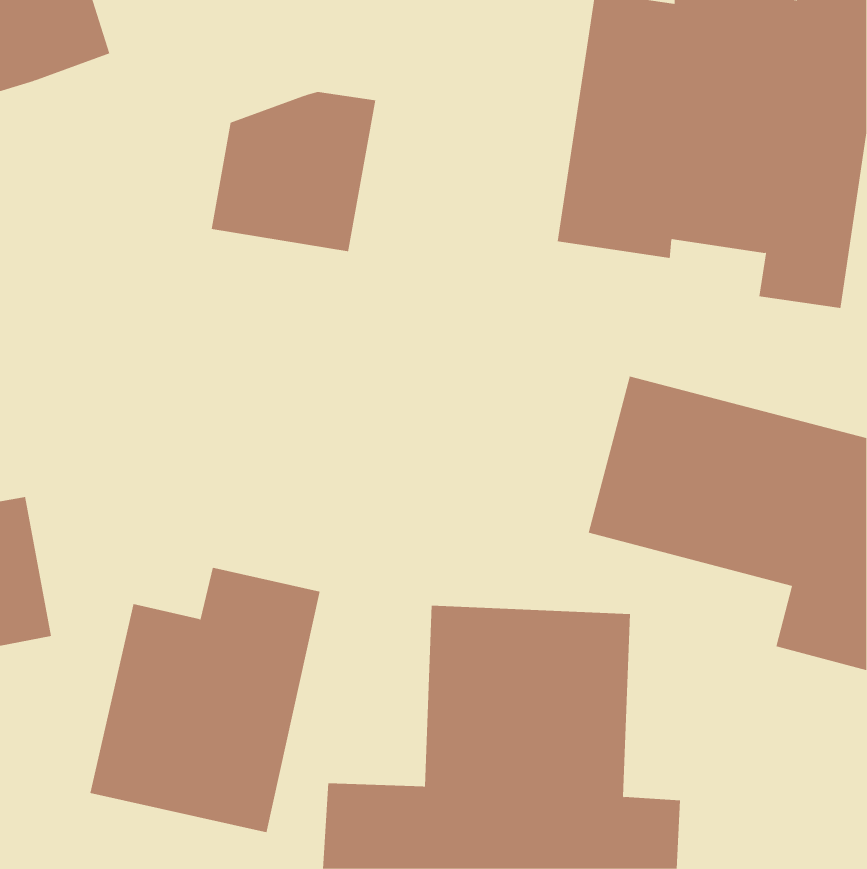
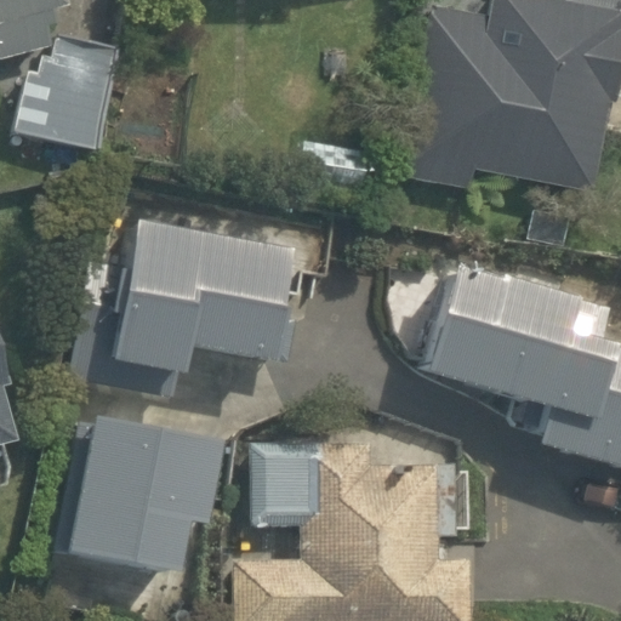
building: [211,91,376,252] -> [11,35,127,148]
building: none -> [115,232,301,383]

